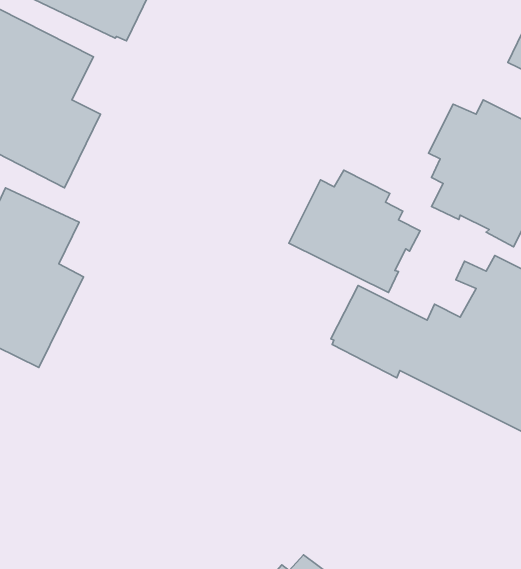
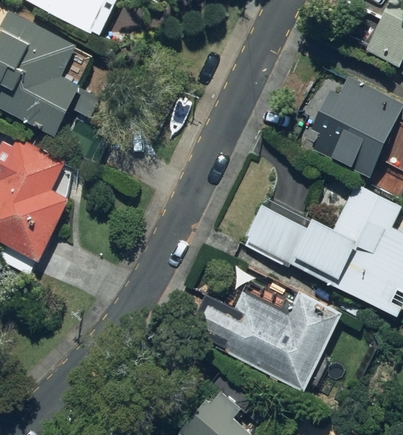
building: [289,170,420,293] -> none
building: none -> [191,291,342,390]

